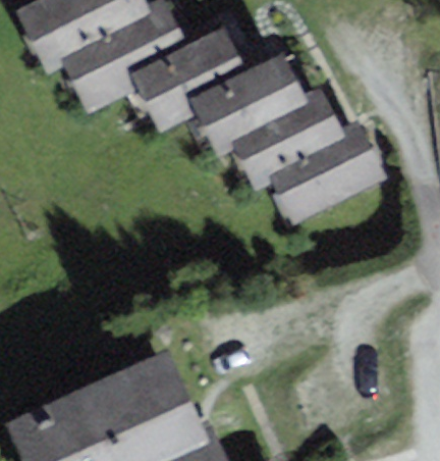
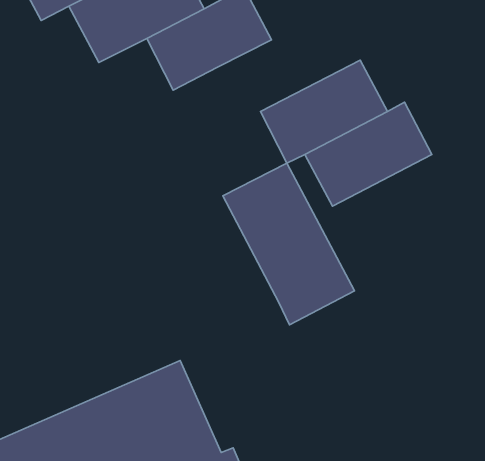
building: [199,61,302,148] -> none
building: none -> [223,163,354,325]

